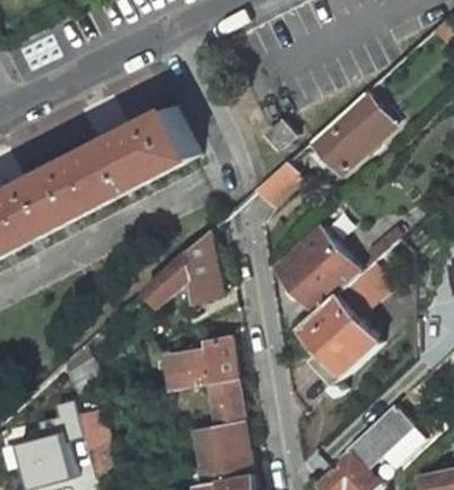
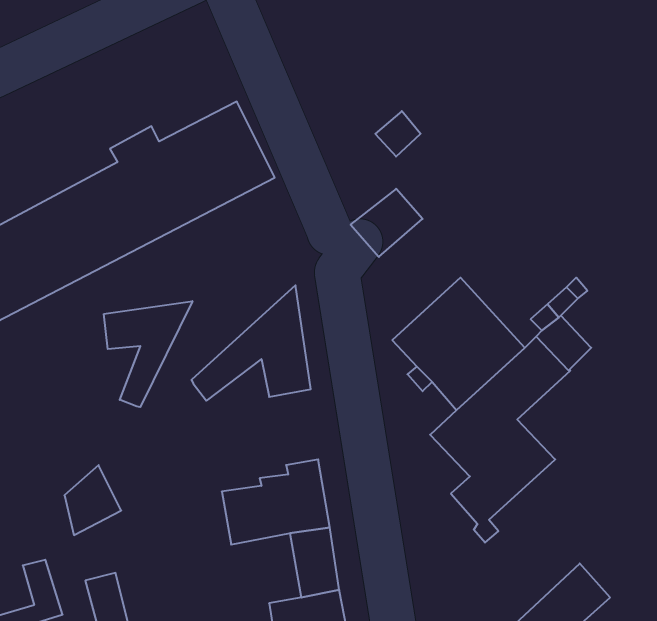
building: [309,90,393,172] -> none
building: none -> [104,301,192,407]

